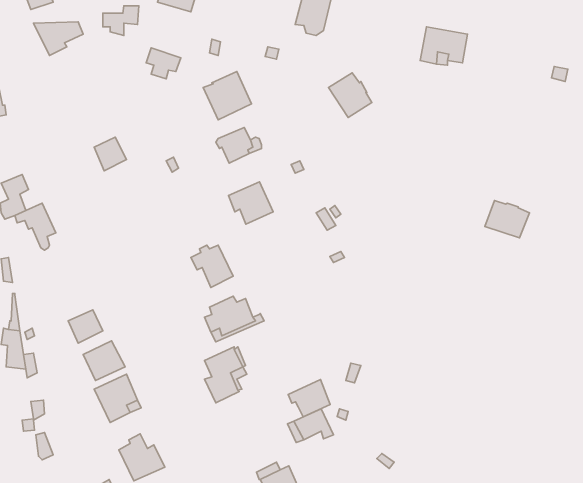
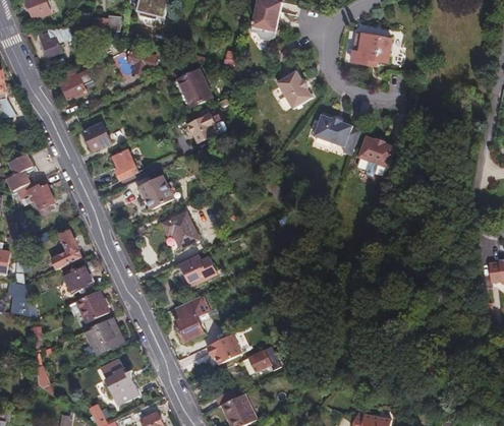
building: none -> [60,72,87,100]
building: none -> [313,114,358,155]
building: none -> [111,149,136,180]
building: [229,182,273,224] -> [137,175,174,209]
building: [485,201,529,238] -> [357,135,394,166]
building: none -> [51,230,82,268]
building: [288,380,330,417] -> [207,332,241,363]

